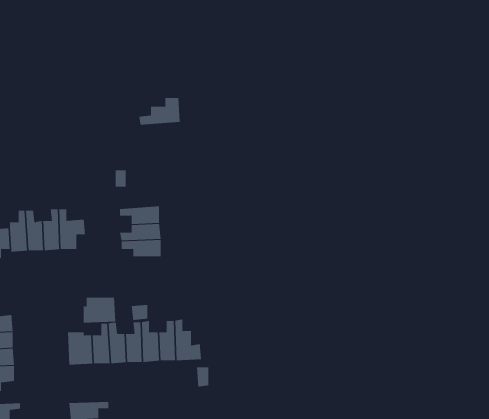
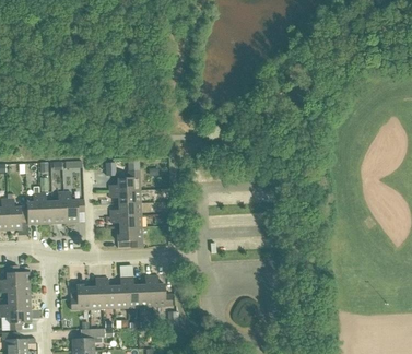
building: [139,98,181,125] -> [108,170,140,191]
building: [83,297,116,323] -> [117,227,142,247]

